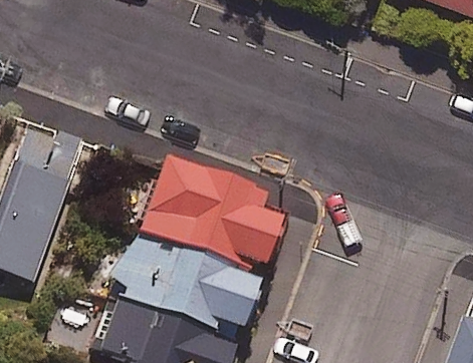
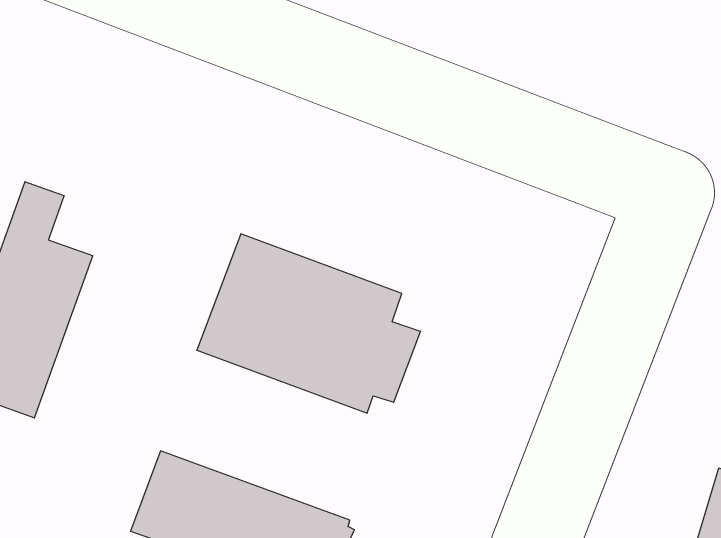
building: [111,241,260,349] -> none

